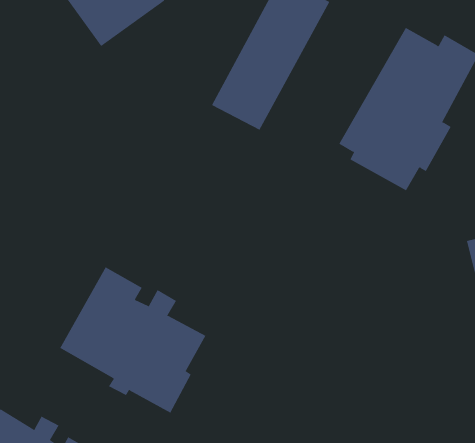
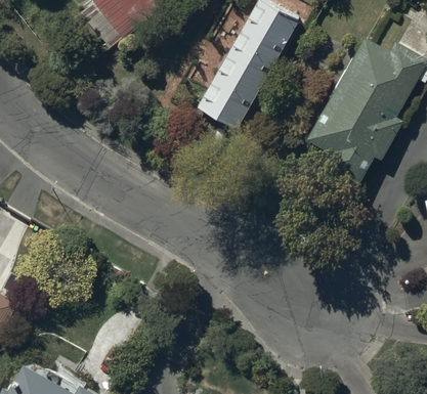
building: [59,267,206,413] -> none

